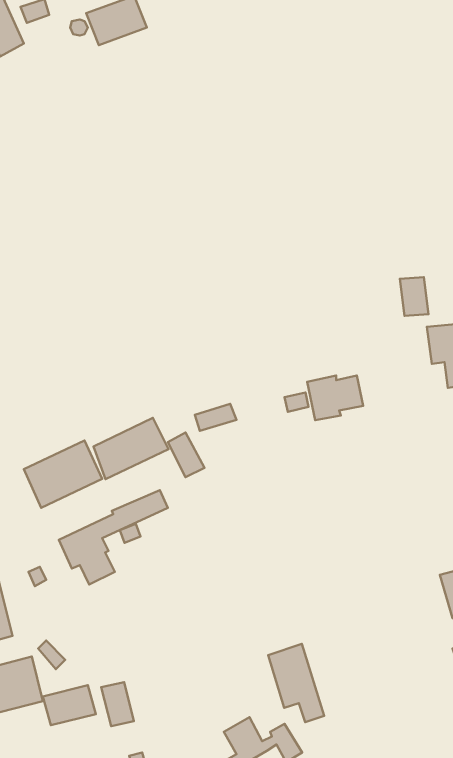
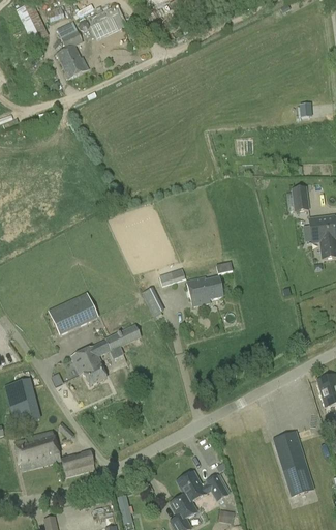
building: none -> [56,30,84,78]
building: [307,375,363,420] -> [186,276,222,305]
building: [94,418,168,479] -> none
building: [268,644,324,722] -> [273,431,309,481]
building: [101,682,134,726] -> none

